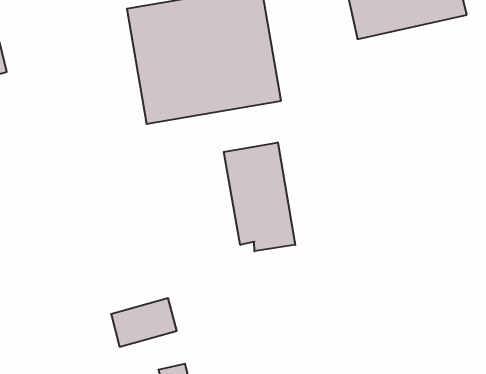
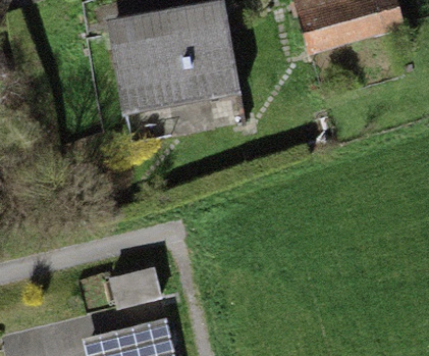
building: [224,142,295,251] -> none

